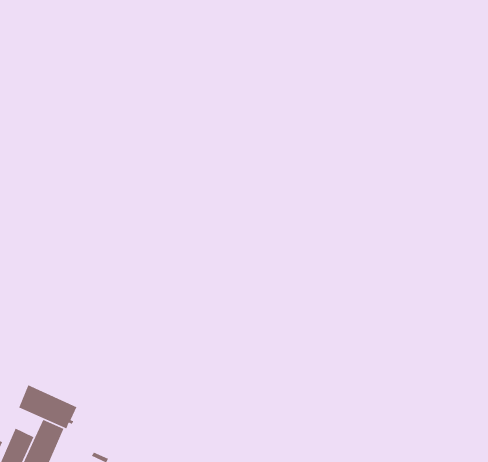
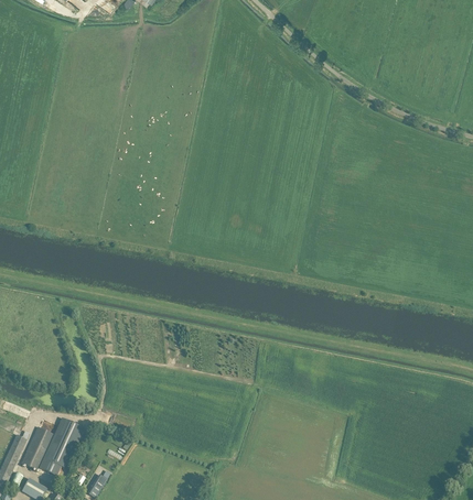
building: [18,384,77,429] -> none

